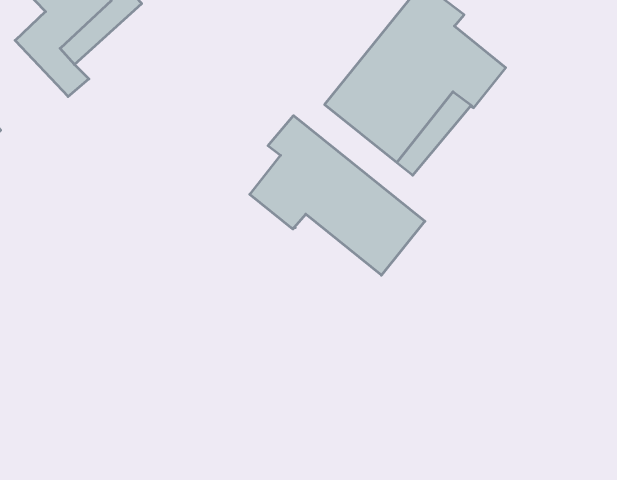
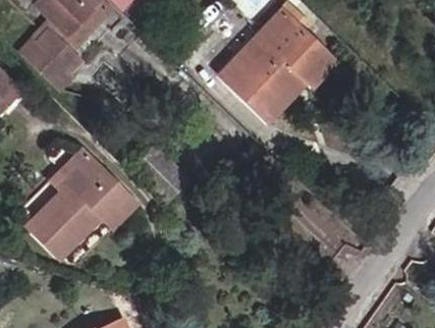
building: [250,116,425,275] -> none
building: none -> [26,150,135,255]

